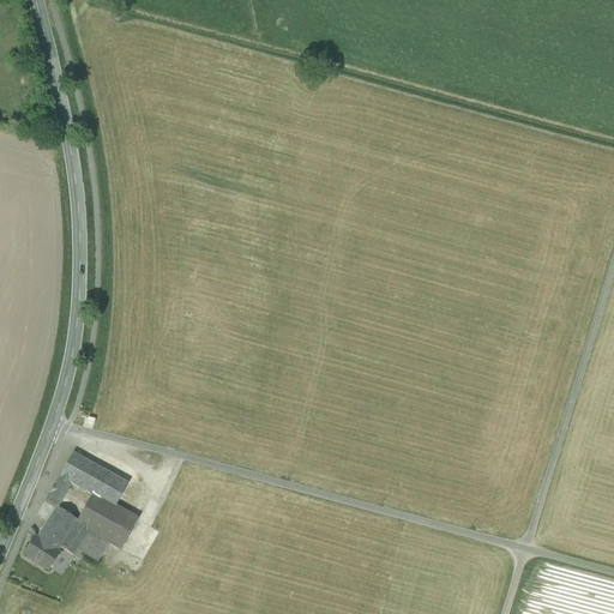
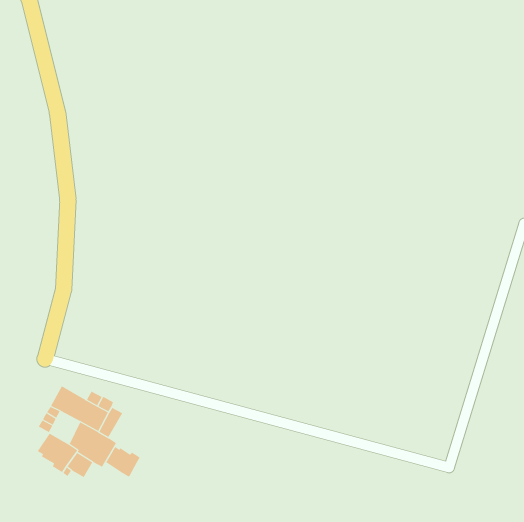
building: none -> [106,446,140,477]
building: [24,528,62,567] -> none

